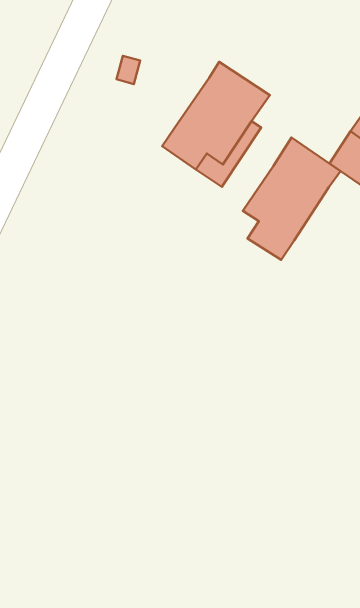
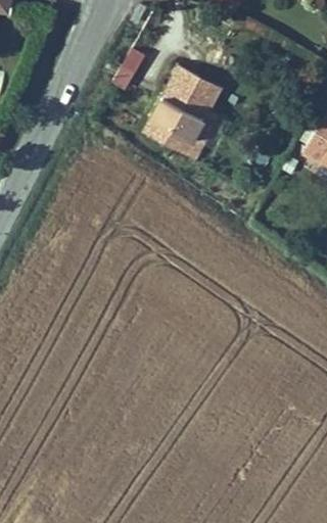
building: [243,137,340,260] -> none

